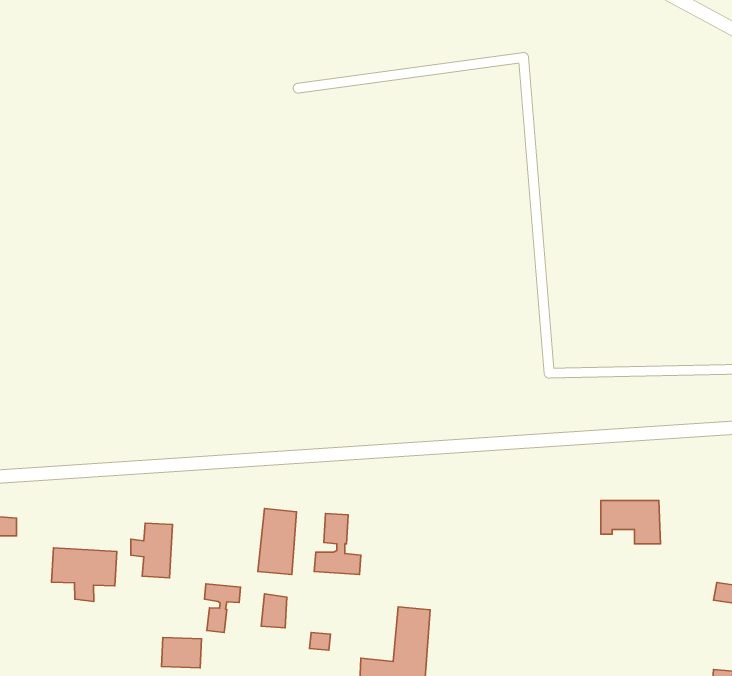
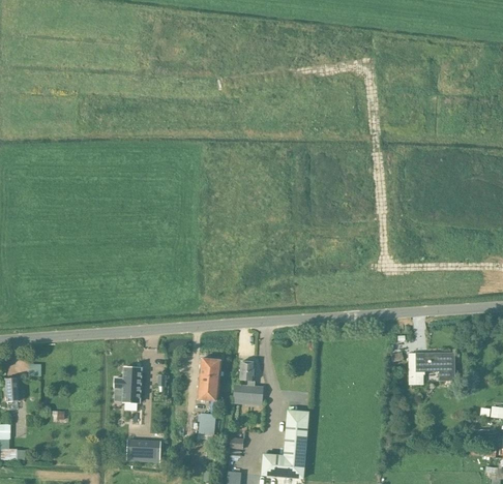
building: [52,548,117,601] -> none
building: [205,584,241,632] -> none

